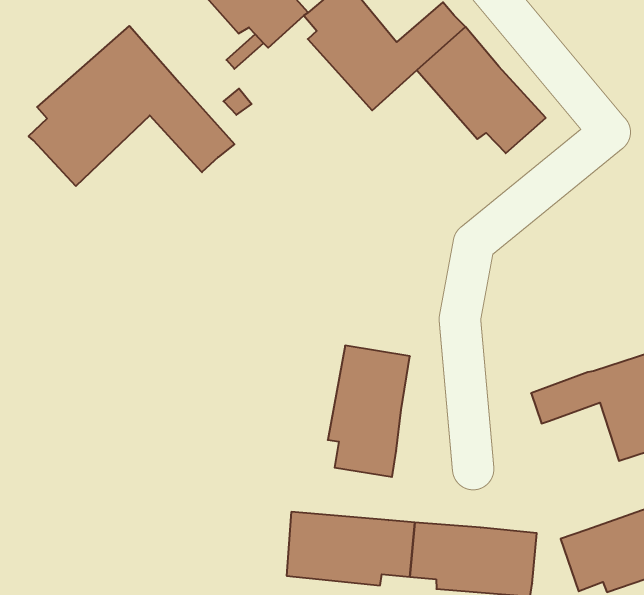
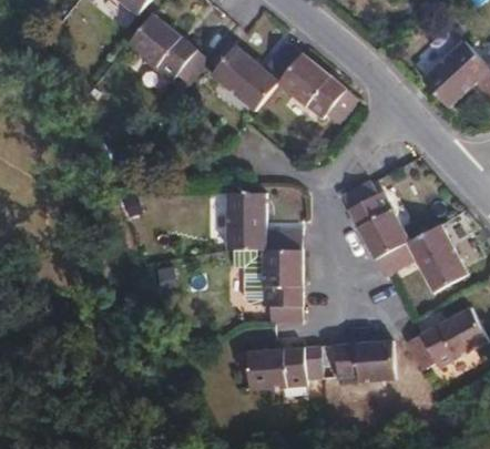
building: [29,26,234,186] -> none
building: none -> [226,193,300,249]
building: none -> [339,182,409,259]

